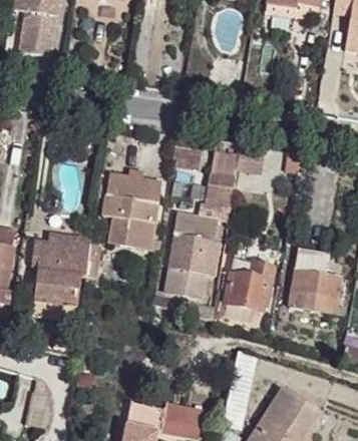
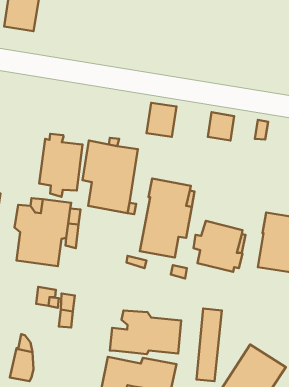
building: [204,154,237,206] -> none
building: none -> [39,134,82,197]
building: none -> [110,310,181,354]

